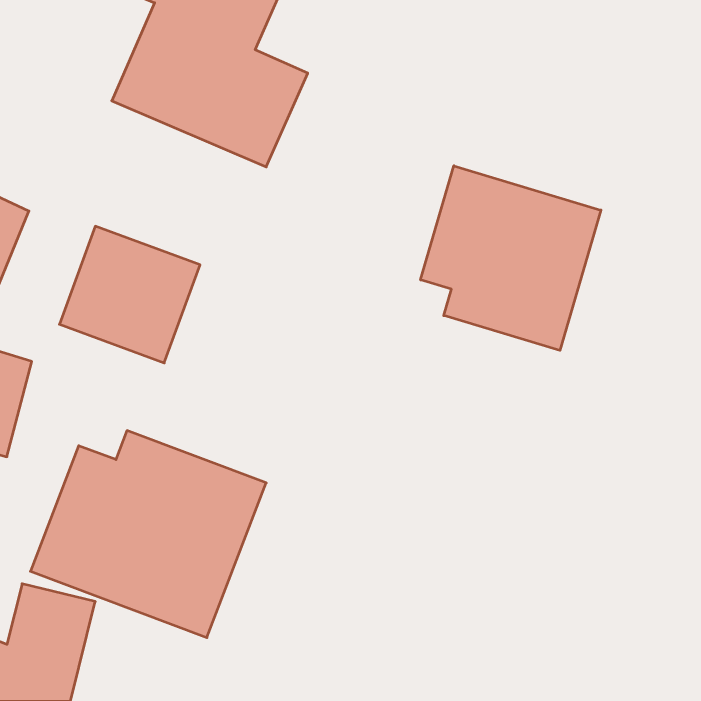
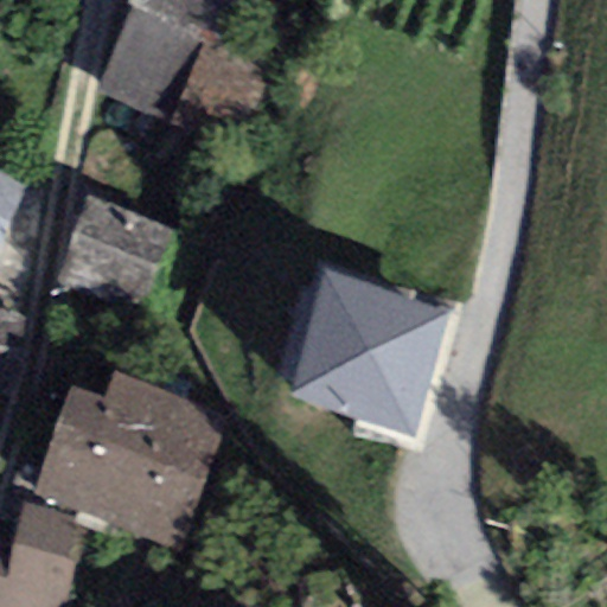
building: [421,166,601,350] -> none
building: none -> [279,269,448,435]

